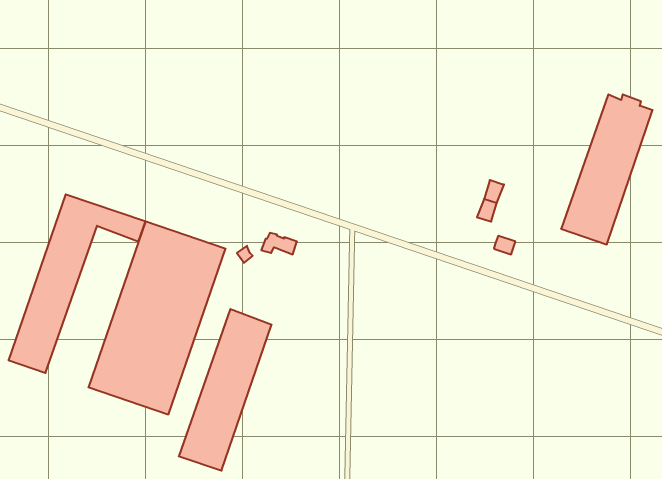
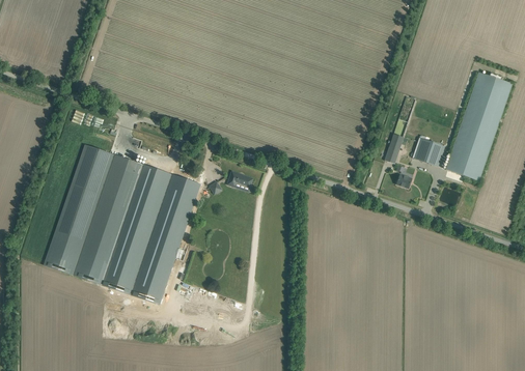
building: none -> [412,136,445,166]
building: [179,309,272,471] -> [71,166,138,283]

